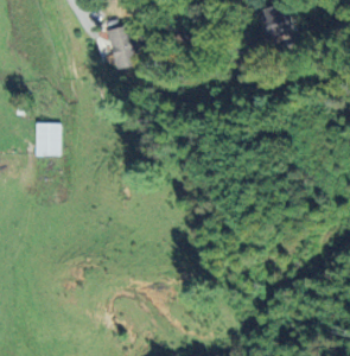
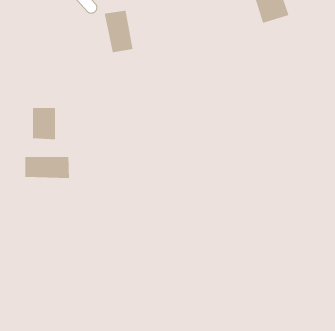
building: none -> [24,156,70,179]

